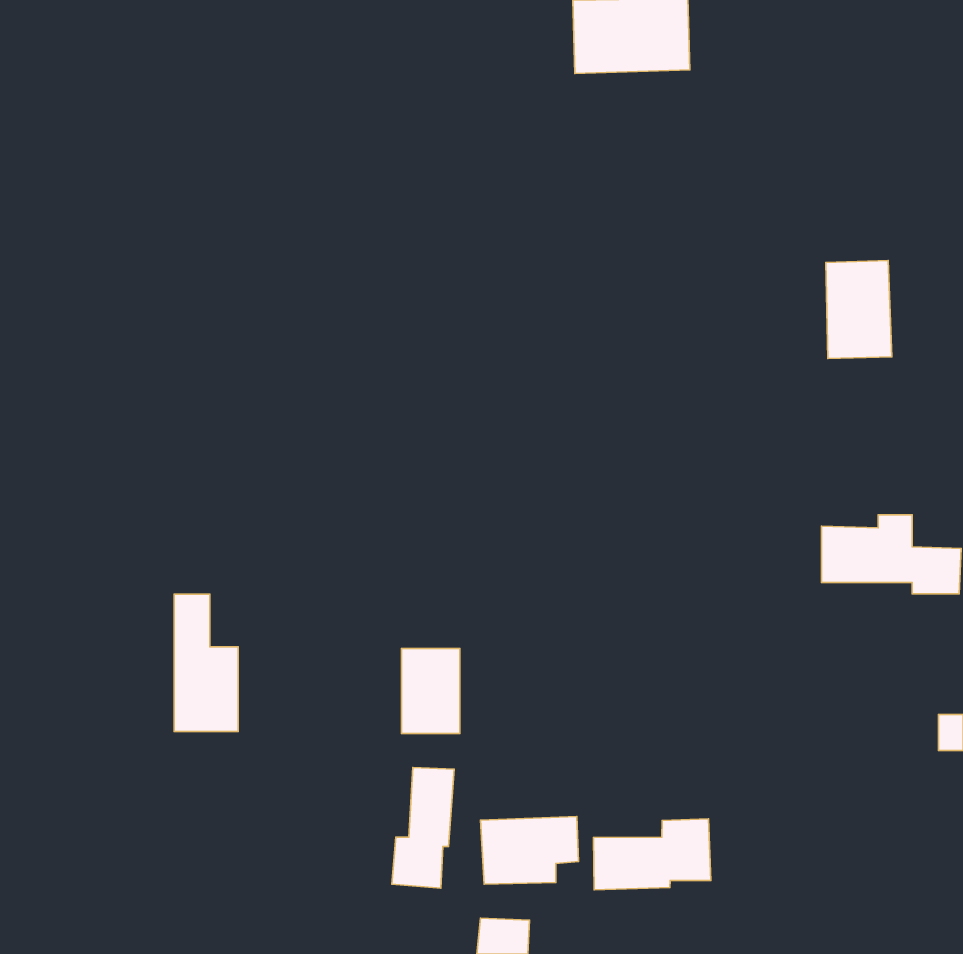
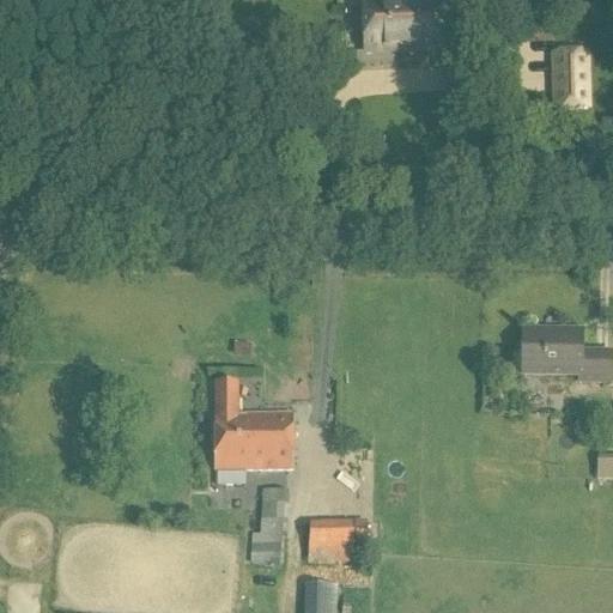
building: [826,261,892,359] -> [550,47,591,109]
building: [174,594,238,732] -> [214,378,255,466]
building: [593,819,711,890] -> none

